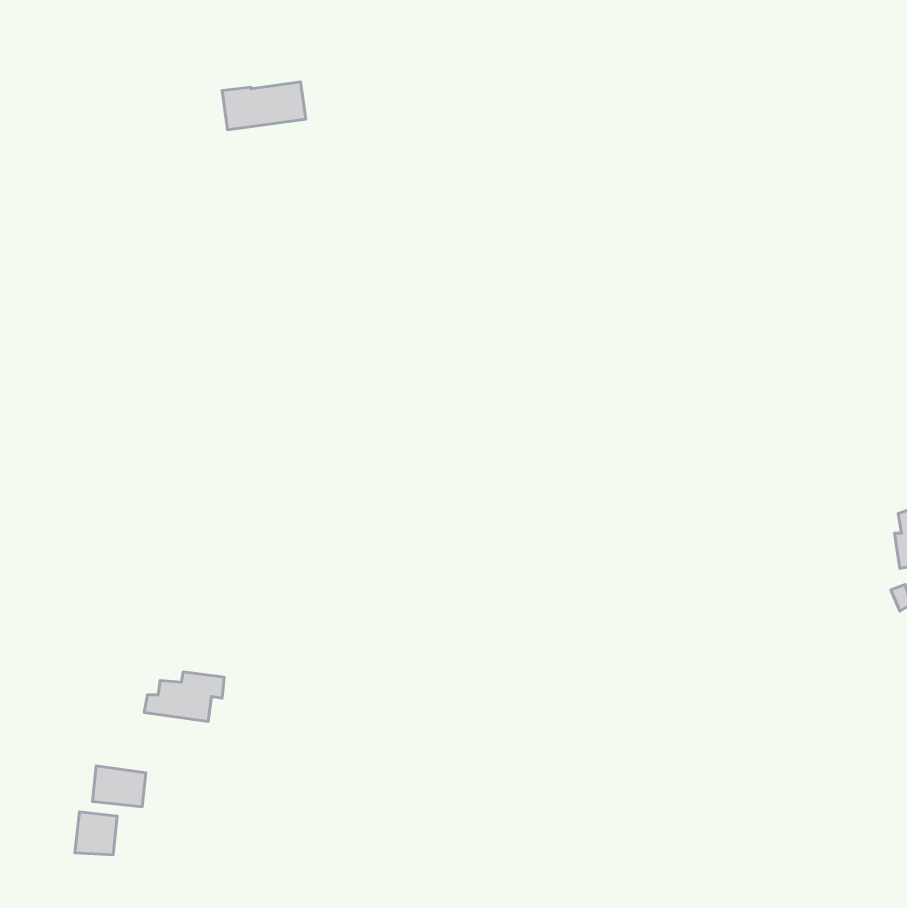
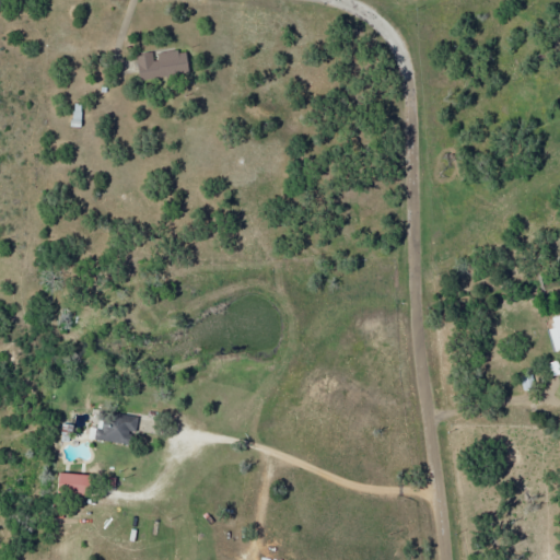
building: [75,812,117,855] -> none

